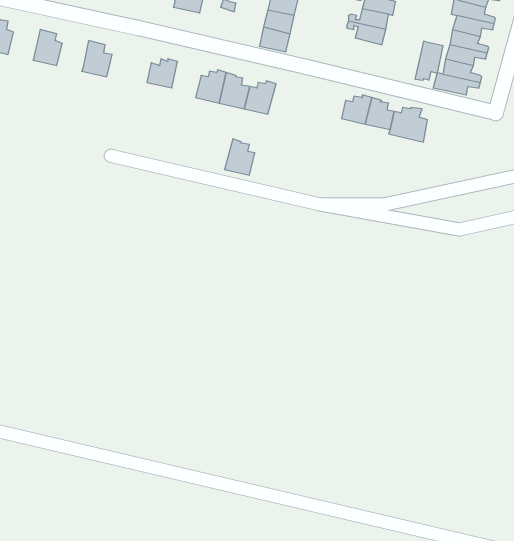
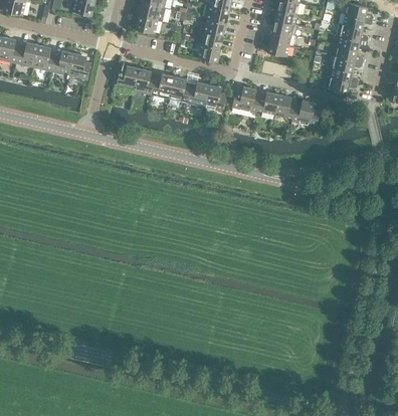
building: none -> [16,41,39,66]
building: none -> [51,49,74,73]
building: [415,41,443,80] -> none
building: none -> [134,67,156,93]
building: none -> [232,85,260,112]
building: [224,139,255,175] -> [204,83,226,110]

